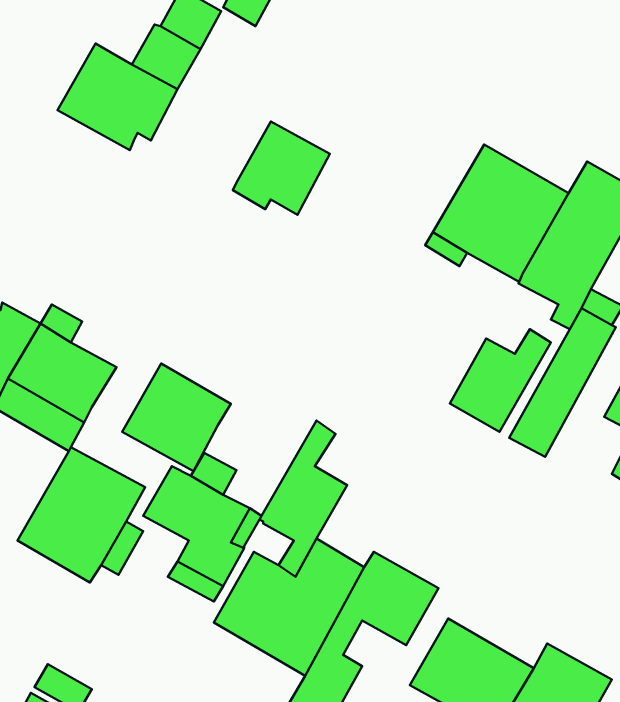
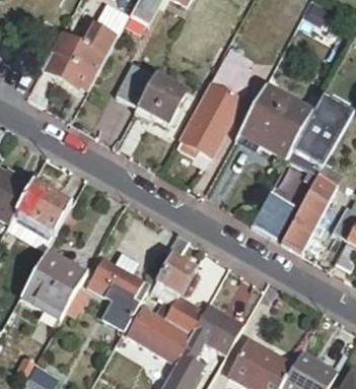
building: none -> [179,46,259,154]
building: none -> [116,62,155,106]
building: [122,364,231,471] -> none

